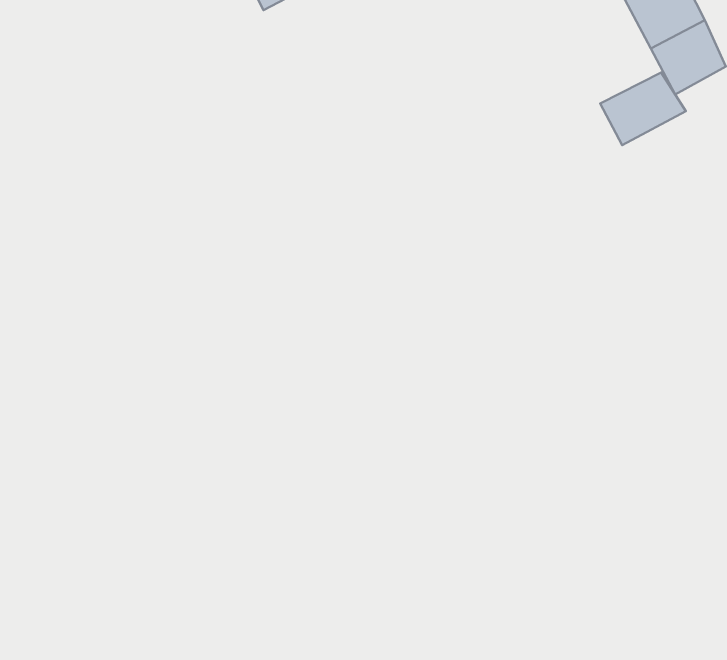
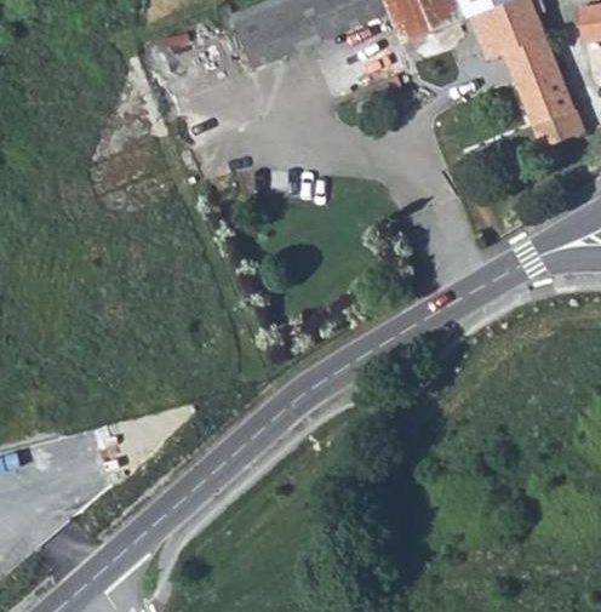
building: [600,73,686,145] -> none

